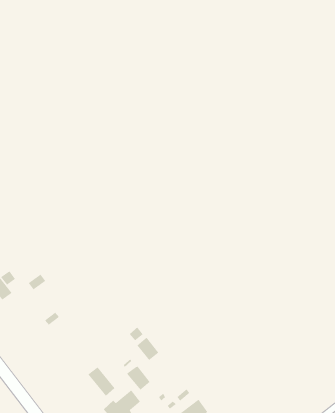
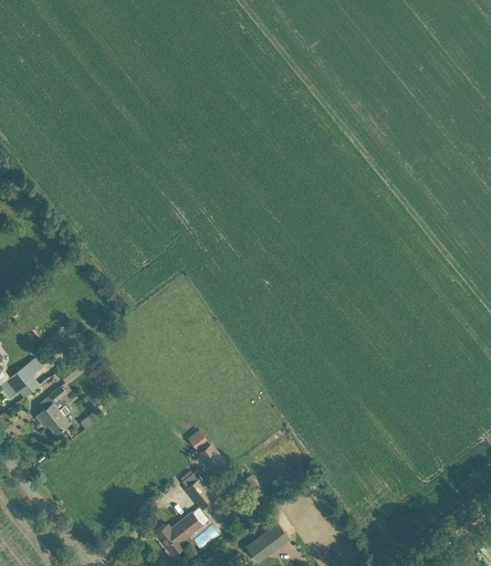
building: none -> [35,387,71,434]
building: [88,366,115,396] -> none

